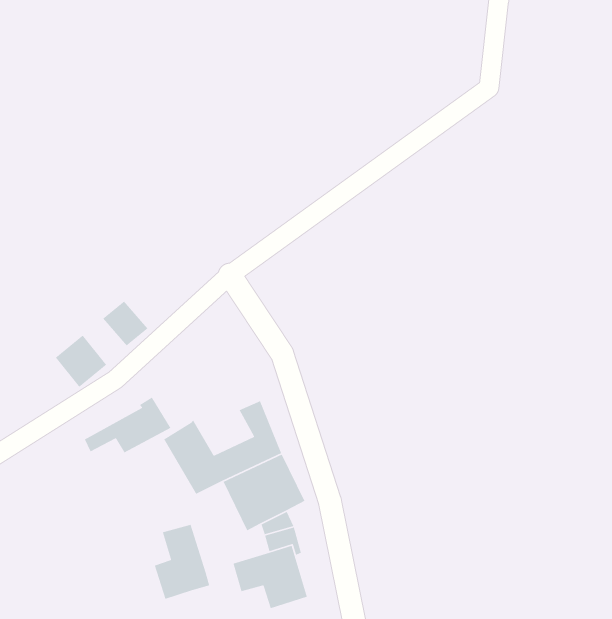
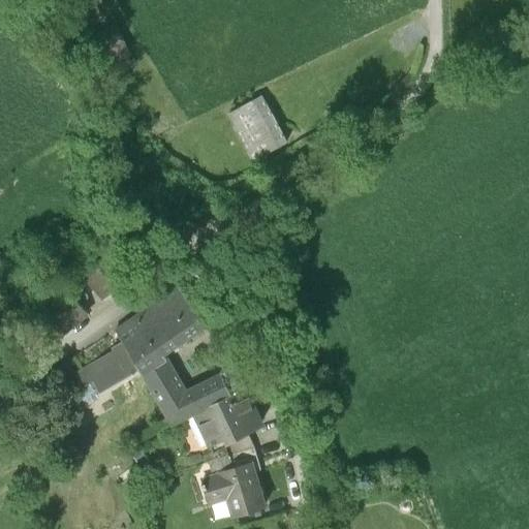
building: none -> [234,93,292,158]
building: none -> [122,283,216,375]
building: [154,524,210,600] -> none

